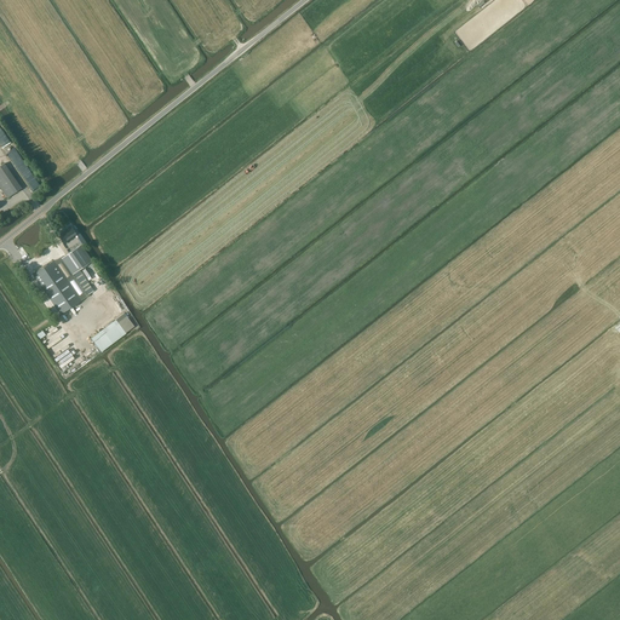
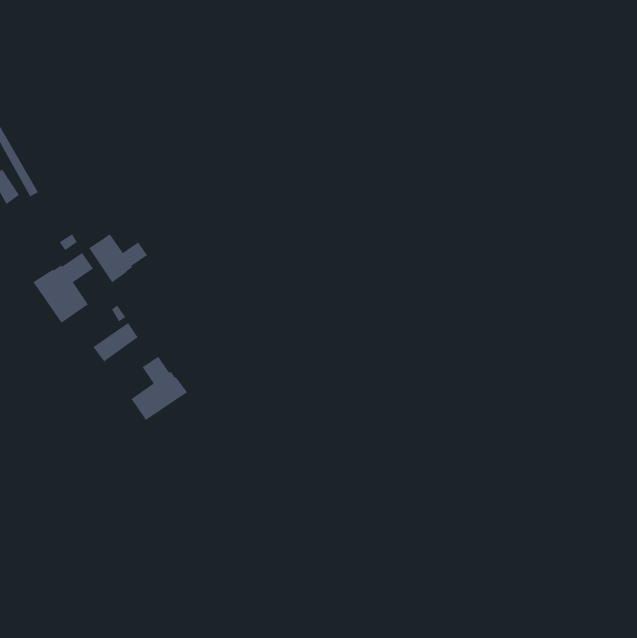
building: none -> [88,233,148,283]
building: none -> [130,356,188,421]

